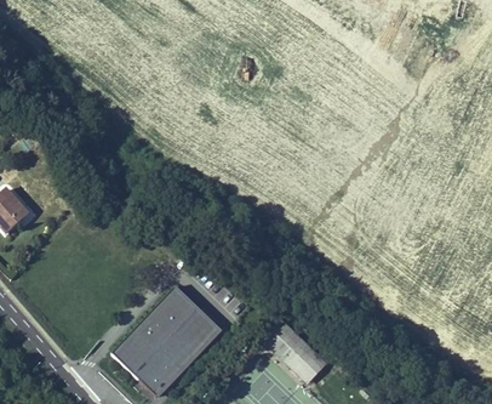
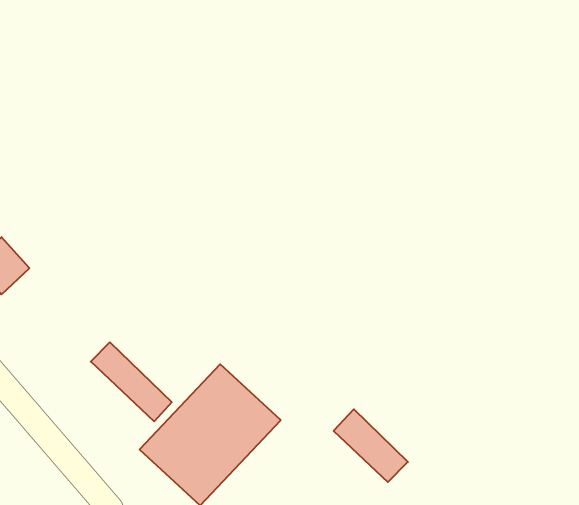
building: none -> [91,342,172,421]

